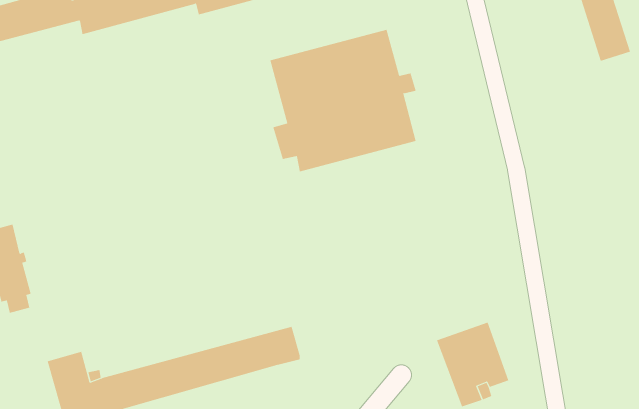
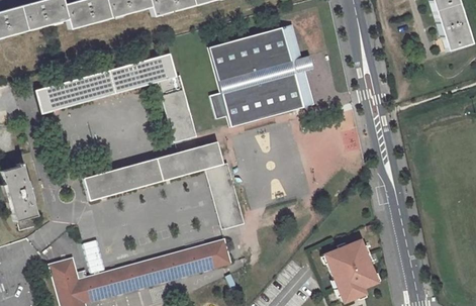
building: none -> [36,55,195,143]
building: none -> [84,143,245,231]

